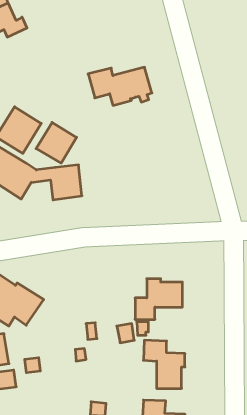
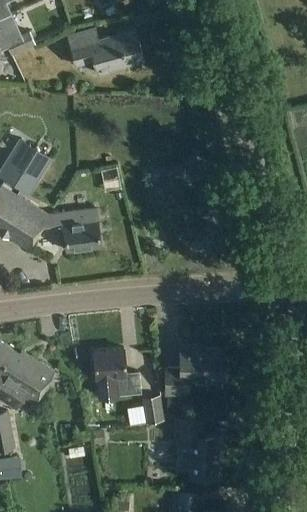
building: [88,67,152,105] -> [67,30,144,76]
building: [36,122,77,163] -> none
building: none -> [92,349,141,398]

